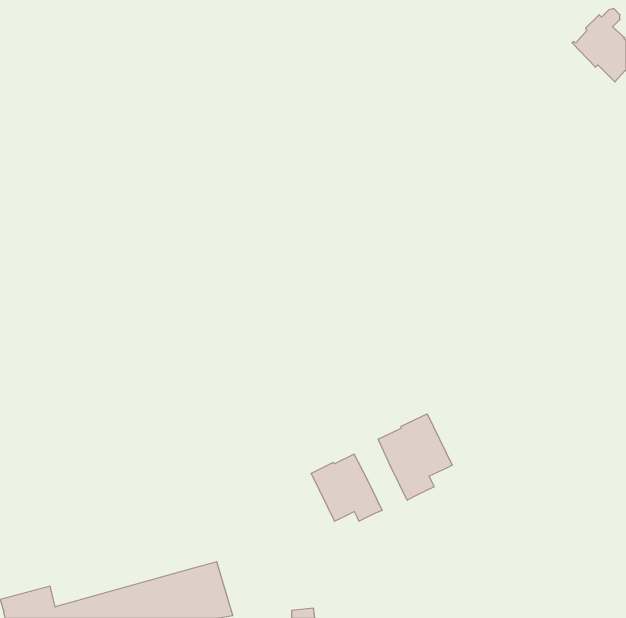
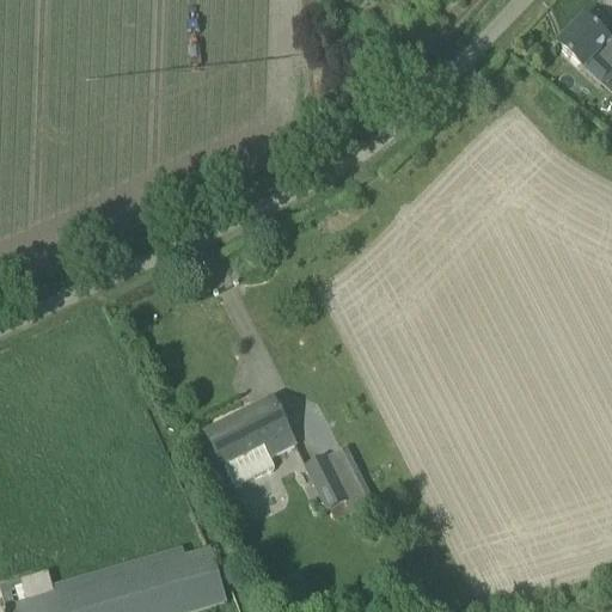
building: none -> [206,396,295,485]
building: [378,414,452,500] -> none

